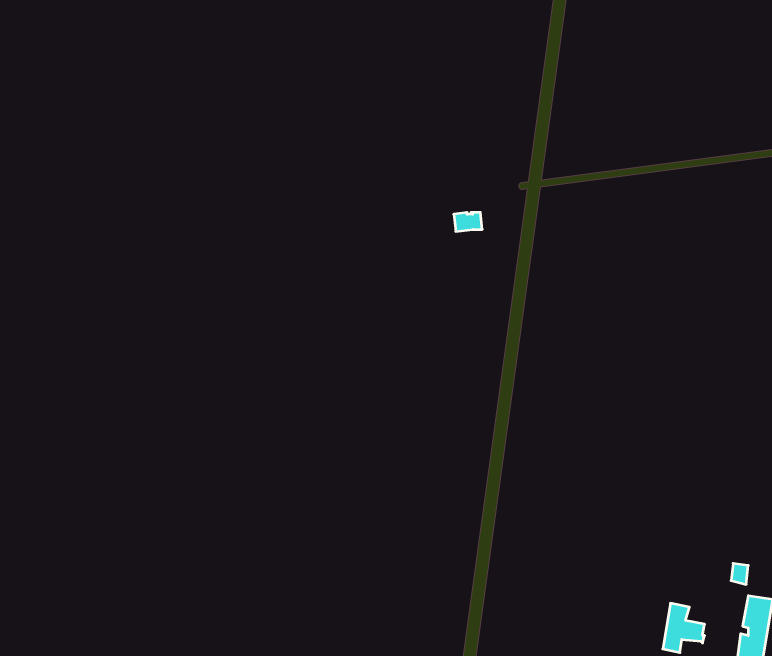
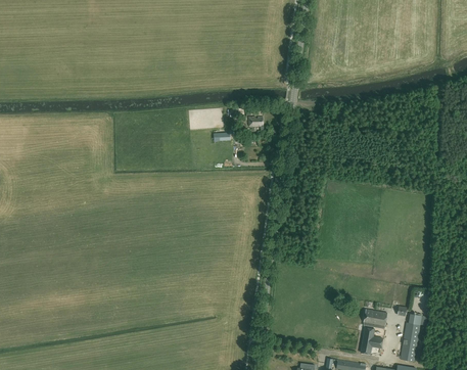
building: none -> [363,306,388,329]

